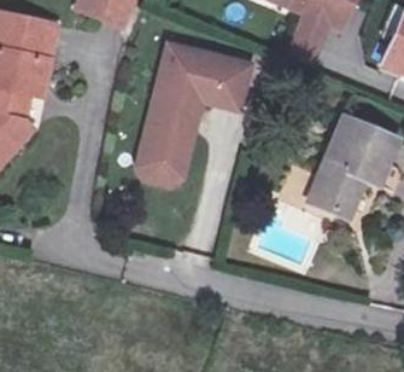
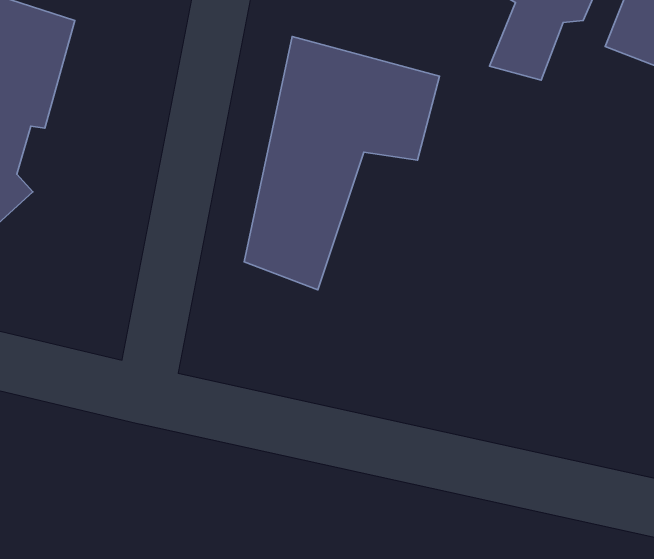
building: [293,104,388,204] -> none

